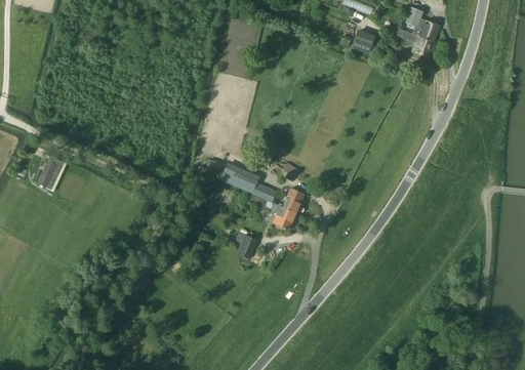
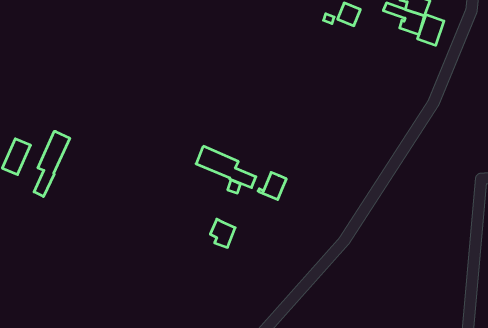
building: none -> [418,15,444,45]
building: none -> [34,131,70,197]
building: [266,201,296,232] -> none

